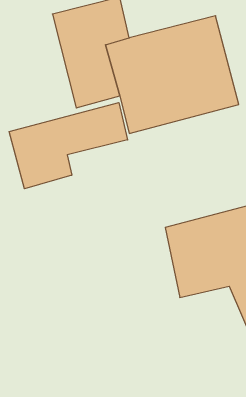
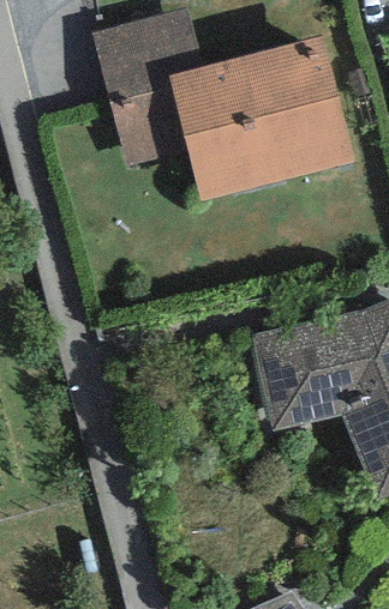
building: [9,103,128,189] -> none

